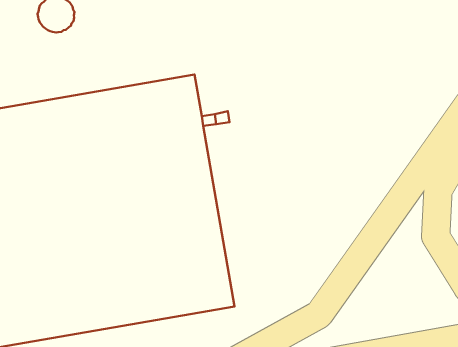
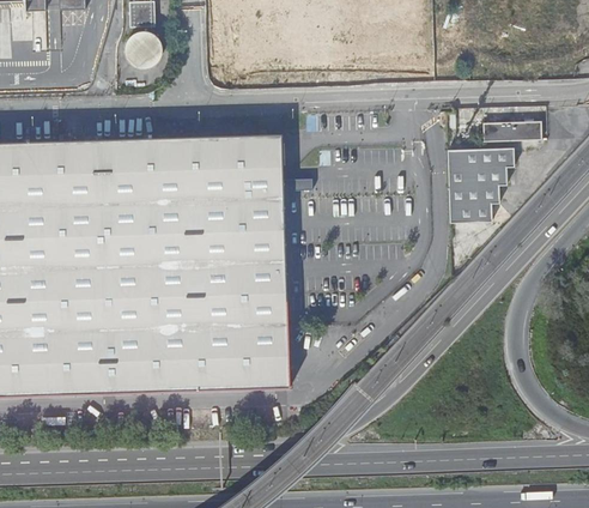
building: none -> [481,120,541,141]
building: none -> [447,147,514,223]

